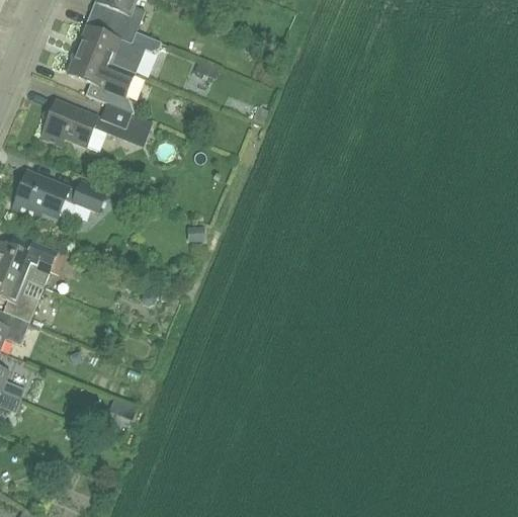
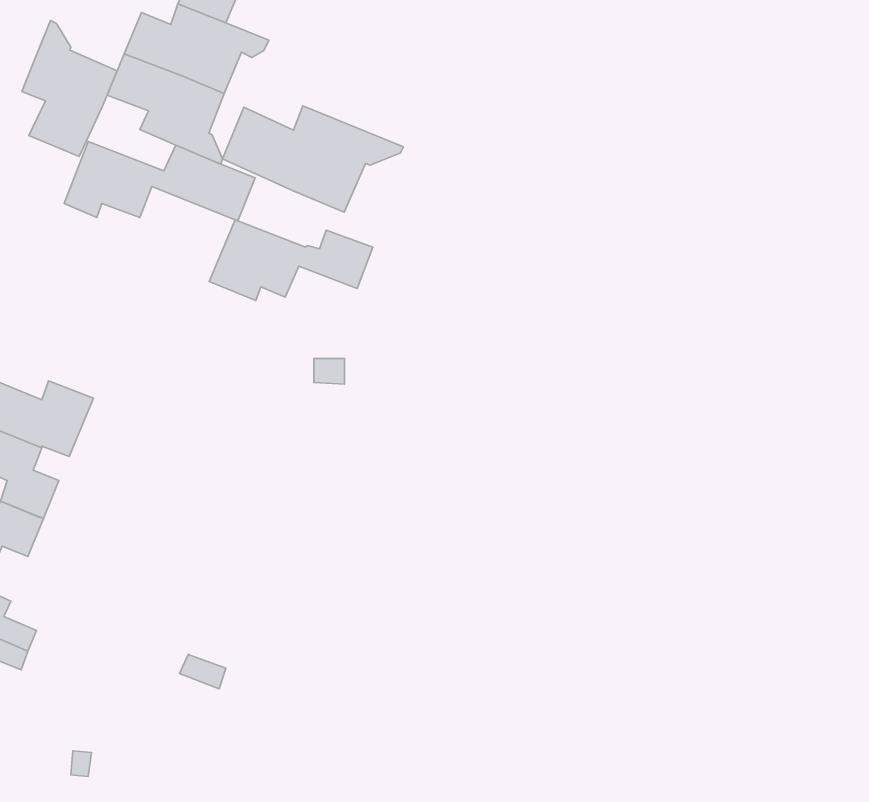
building: none -> [22,21,117,156]
building: none -> [222,106,403,212]
building: [11,171,107,219] -> [209,220,373,301]

